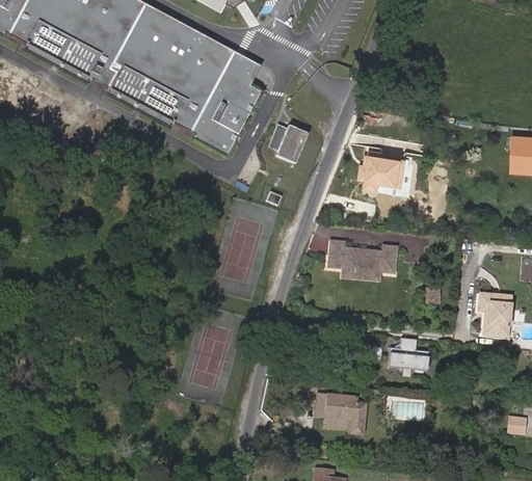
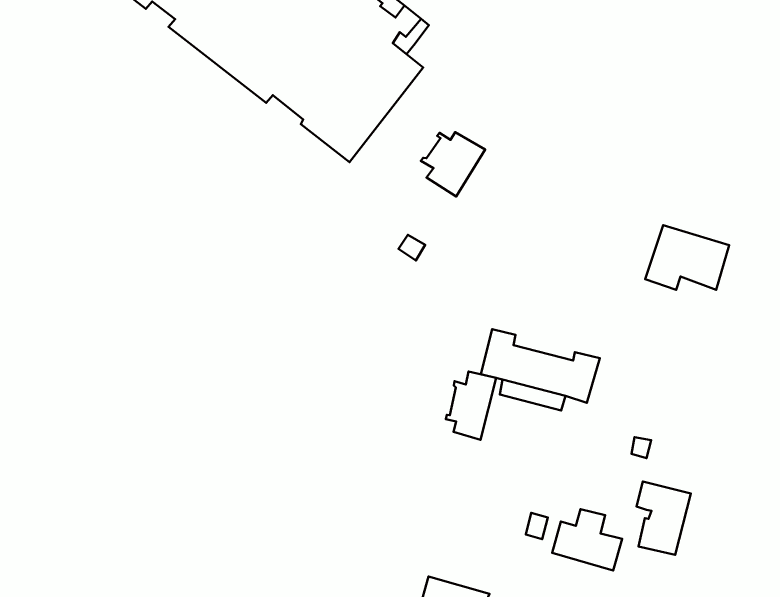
building: [358,153,405,190] -> [645,225,729,290]
building: none -> [446,372,496,440]
building: [477,293,508,333] -> [637,482,691,555]

